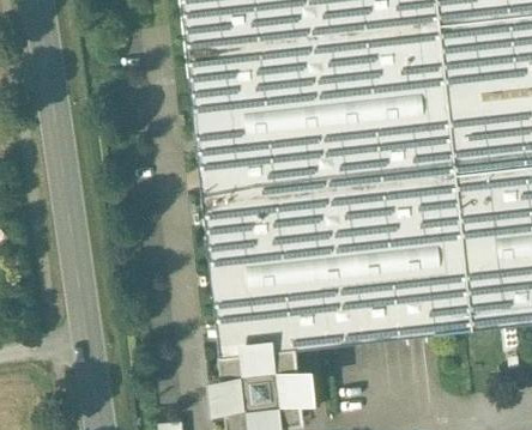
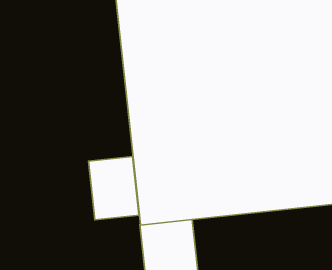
building: none -> [89,157,140,220]

